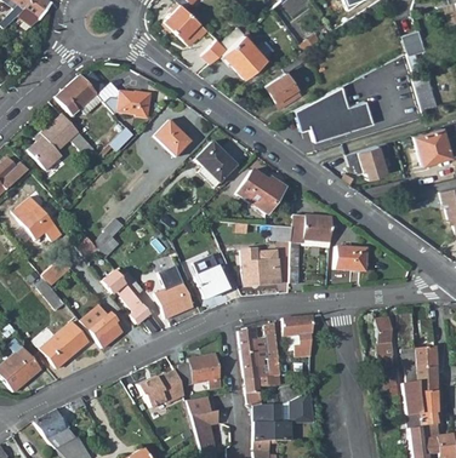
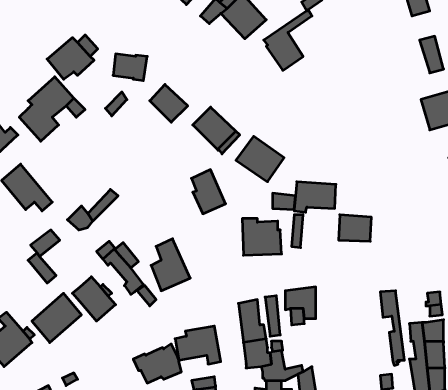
building: [297,85,375,141] -> none
building: [346,141,391,179] -> none
building: [194,256,227,298] -> [191,170,226,214]

